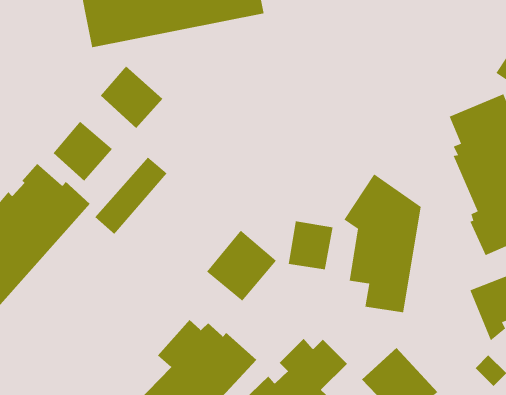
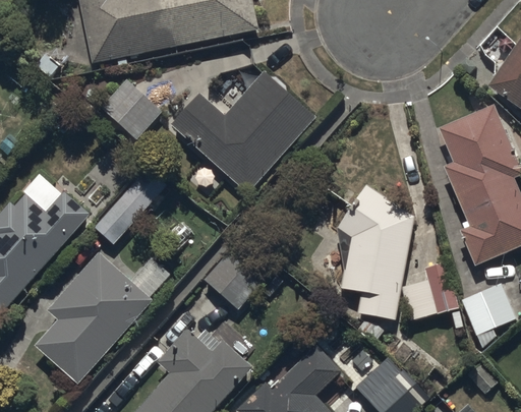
building: none -> [168,73,315,195]
building: [53,121,113,181] -> none
building: [288,220,333,270] -> none
building: none -> [34,252,170,385]
building: none -> [403,264,457,321]

